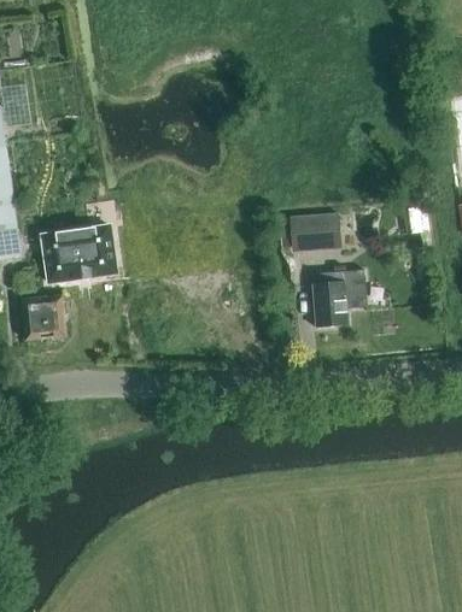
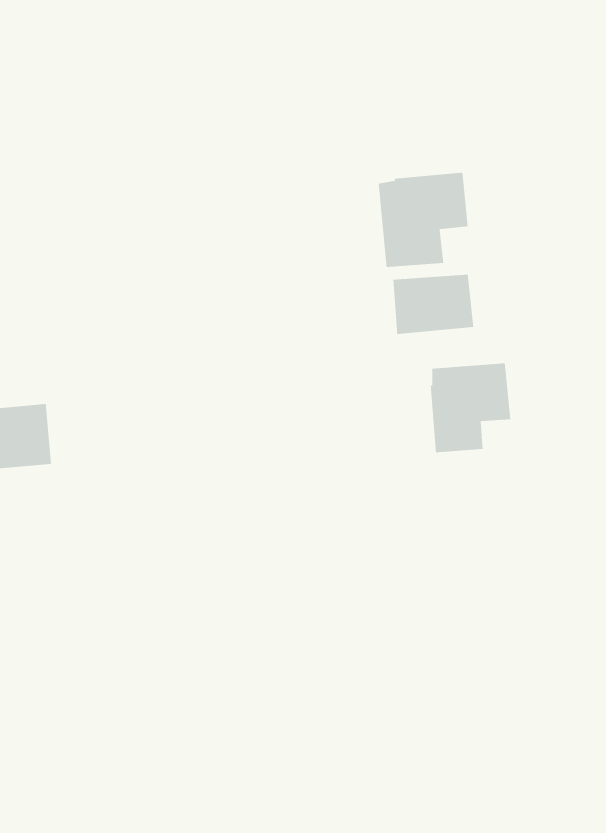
building: none -> [378,172,469,268]
building: [40,225,115,282] -> none

